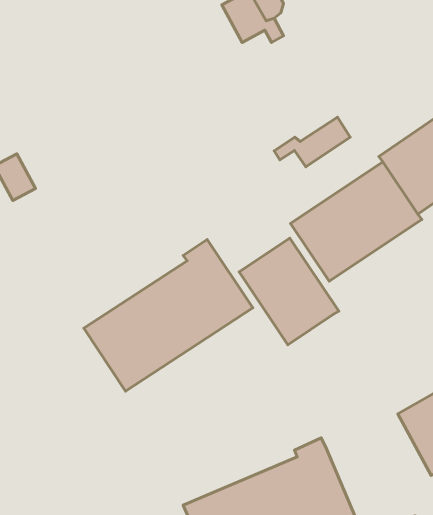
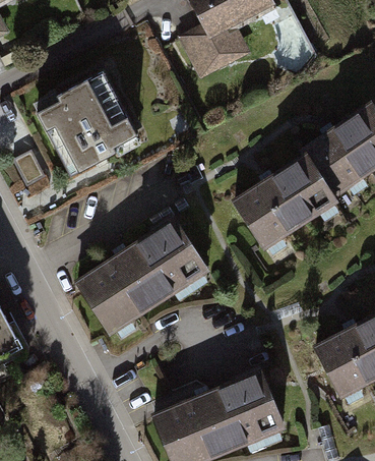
building: none -> [35,71,133,177]
building: [274,117,350,167] -> none
building: [239,238,339,345] -> none

